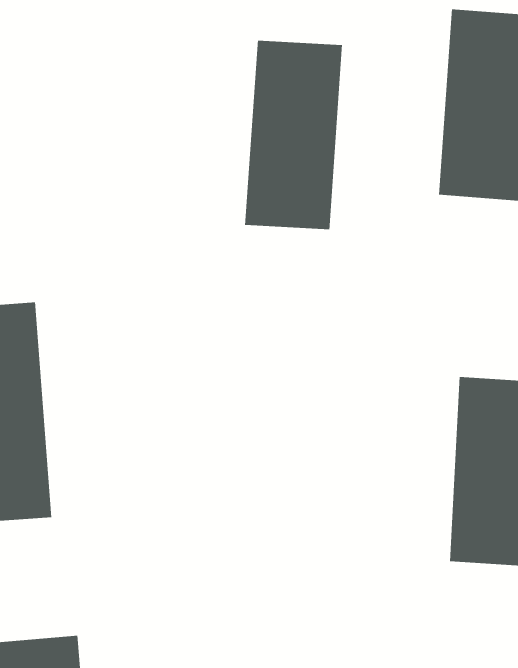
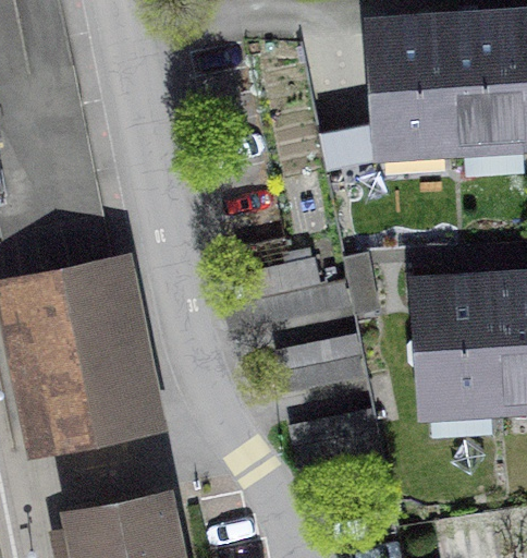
building: [245,40,343,230] -> none

